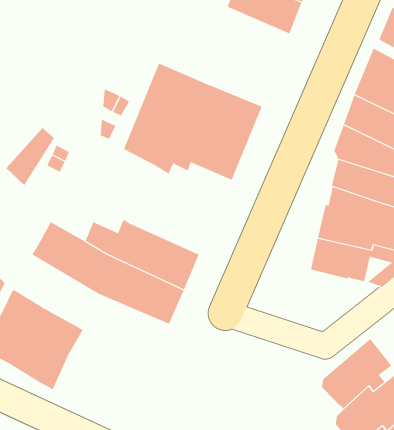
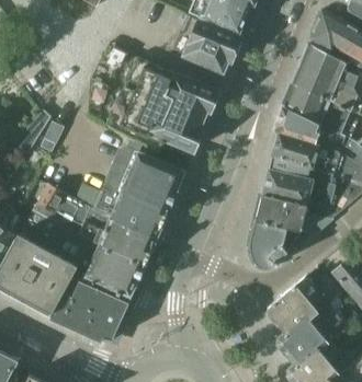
building: none -> [173,18,241,72]
building: none -> [105,140,185,211]
building: none -> [18,211,145,343]
building: none -> [252,223,287,267]

